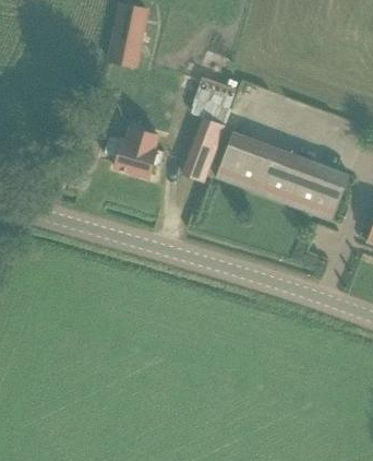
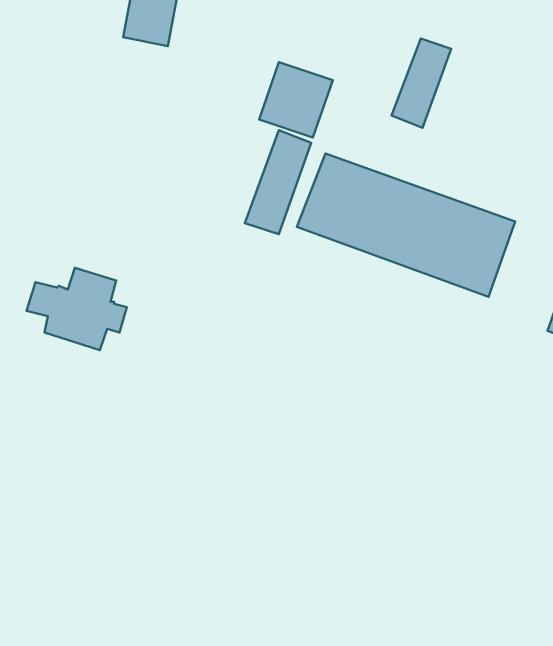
building: none -> [392,38,451,128]
building: [104,127,165,177] -> [27,268,127,350]

